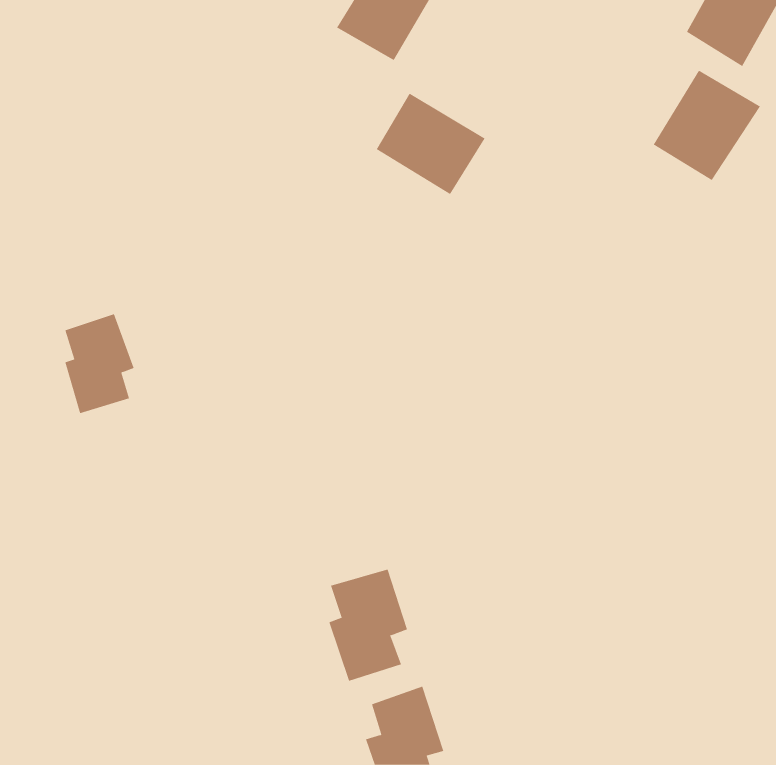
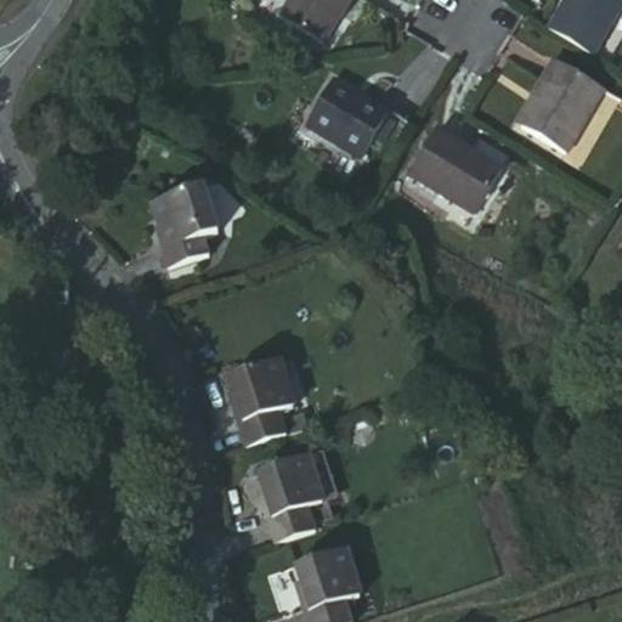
building: none -> [405,129,497,211]
building: [64,313,134,414] -> [162,188,217,268]
building: none -> [233,356,296,441]

